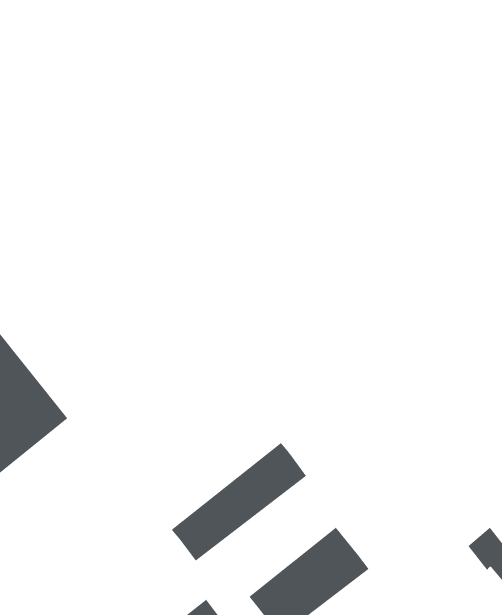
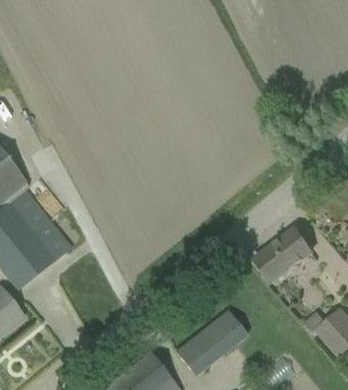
building: none -> [254,228,312,282]
building: [171,442,307,562] -> none

